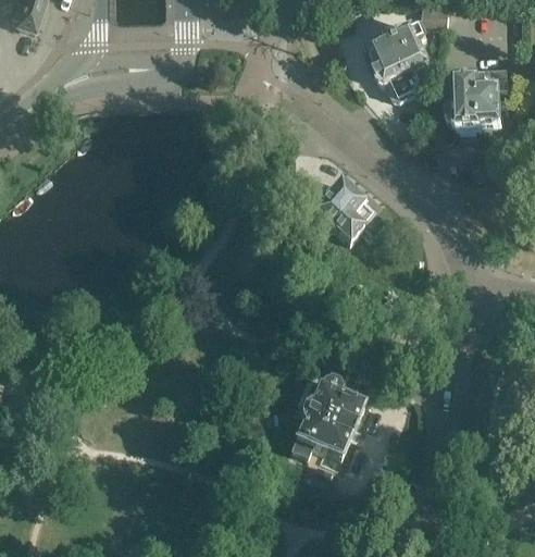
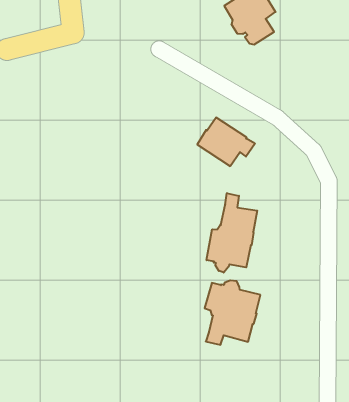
building: [448,69,507,126] -> none
building: none -> [207,193,257,273]

